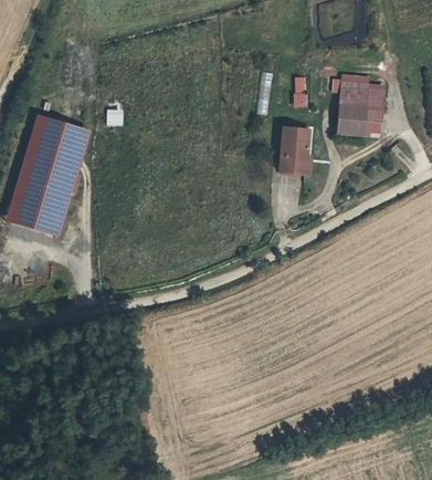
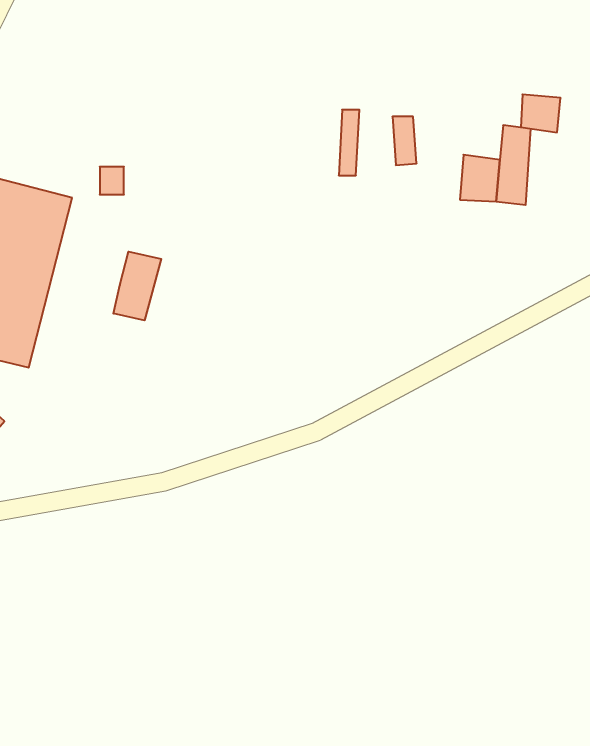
building: [339,80,365,104] -> [521,94,561,132]
building: [281,128,310,174] -> none
building: none -> [113,252,161,320]

